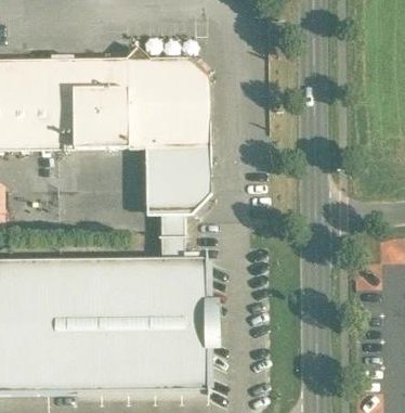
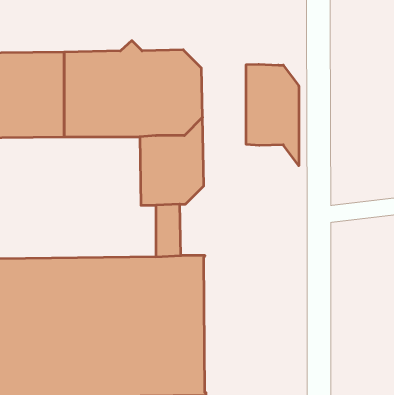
building: none -> [246,64,299,166]

